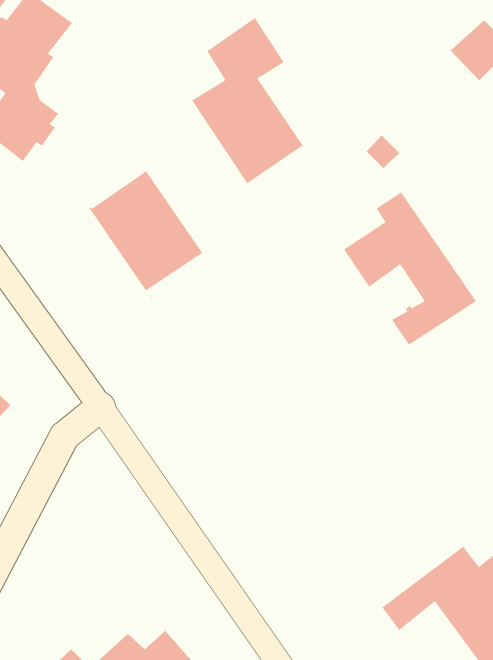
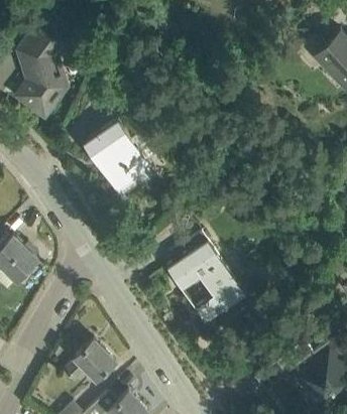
building: [190,17,303,184] -> none
building: [343,191,477,346] -> [166,234,245,324]
building: none -> [64,340,115,383]

